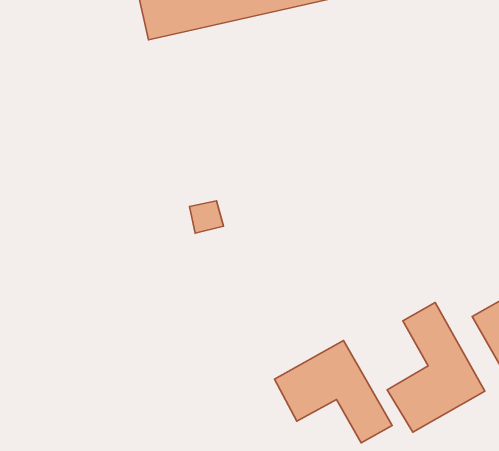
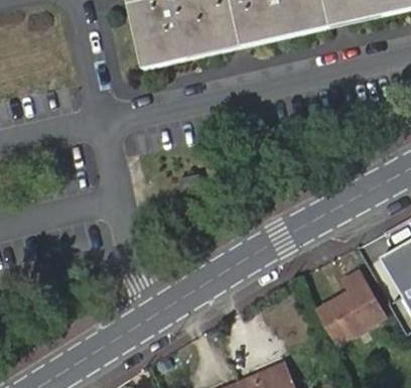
building: [275,341,392,443] -> none

